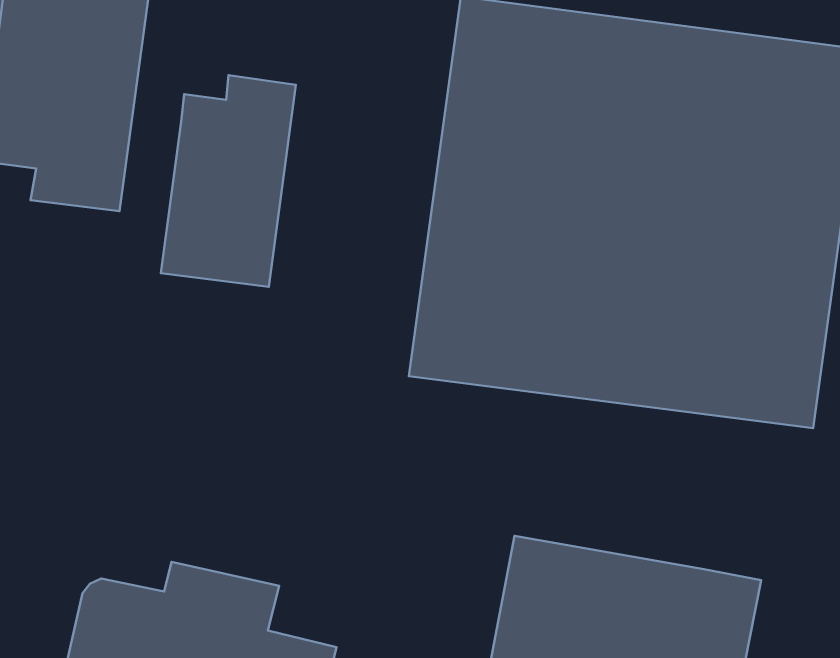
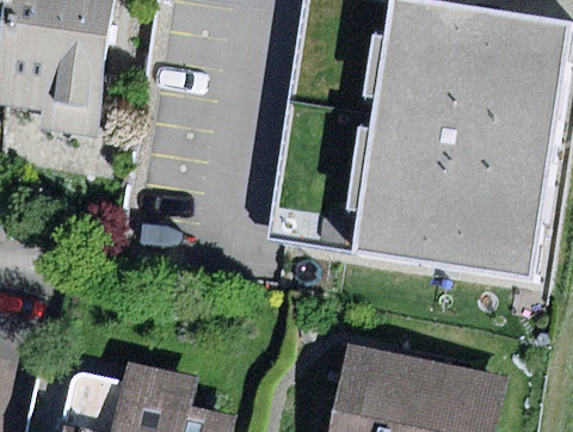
building: [161,75,296,287] -> none

